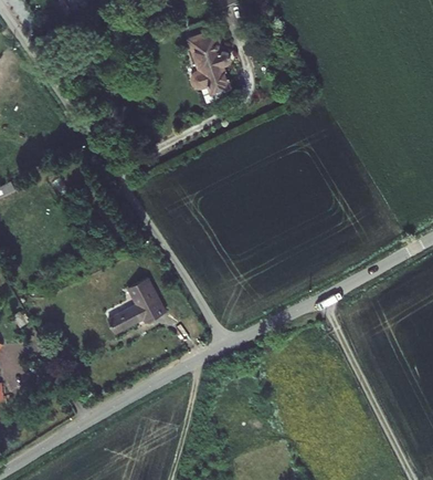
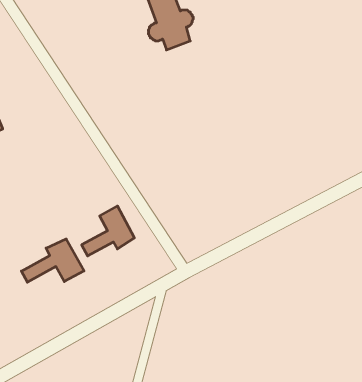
building: none -> [21,239,84,282]

